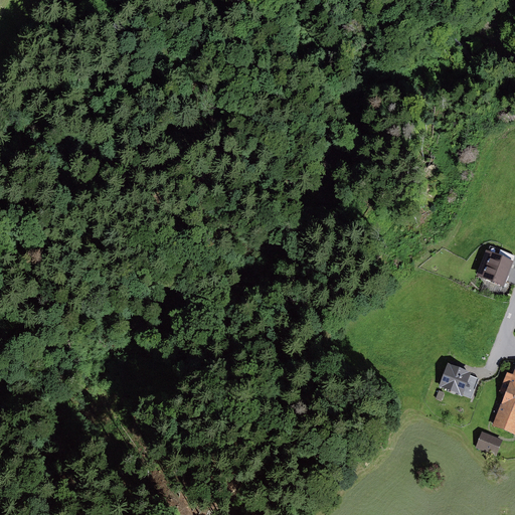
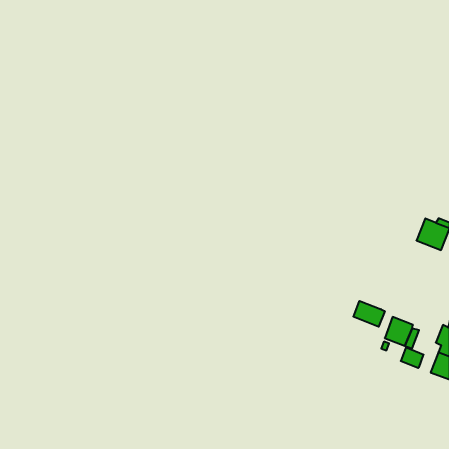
building: none -> [353,301,385,327]
building: [477,432,503,455] -> [401,348,424,368]

